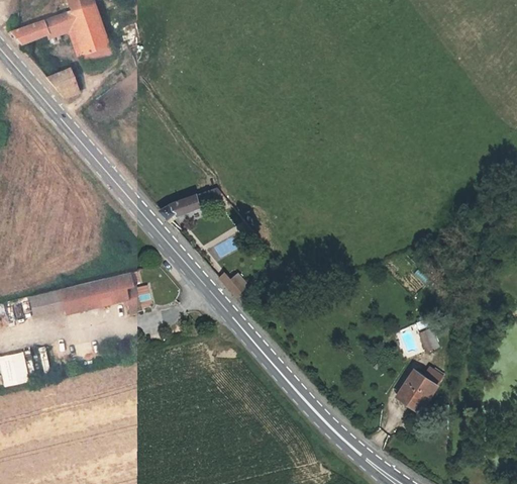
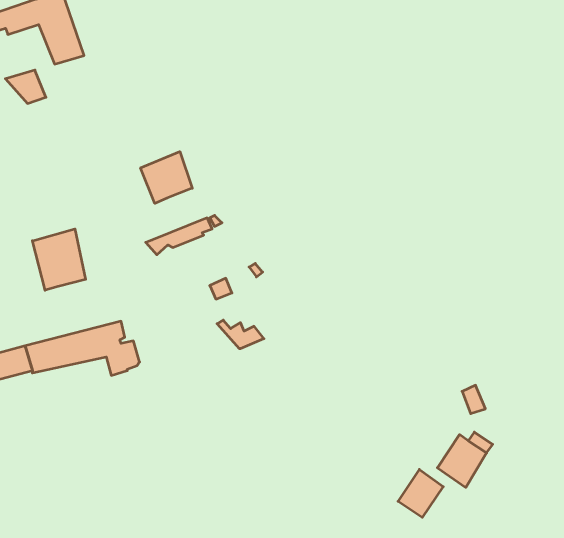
building: none -> [141,152,192,203]
building: none -> [32,229,86,290]
building: none -> [398,469,443,517]

